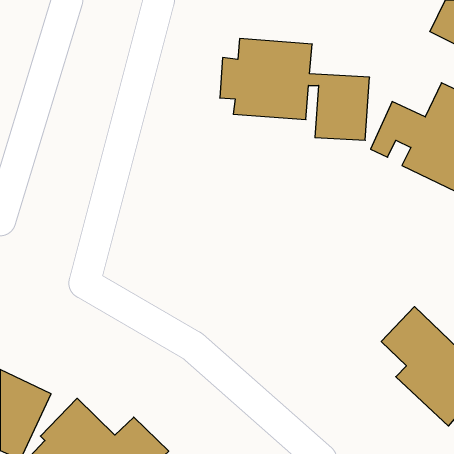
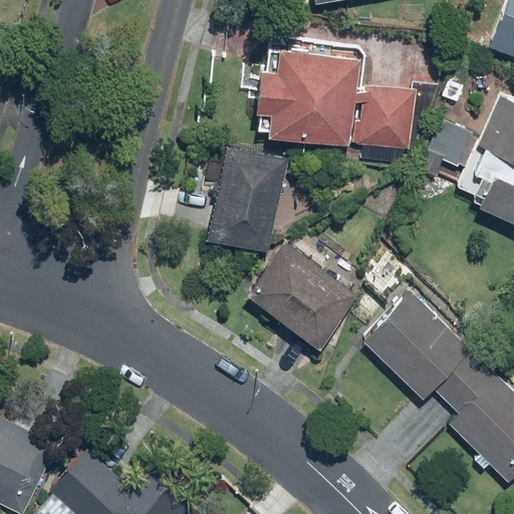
building: none -> [205,149,287,254]
building: none -> [241,236,360,353]
building: none -> [357,289,469,400]

